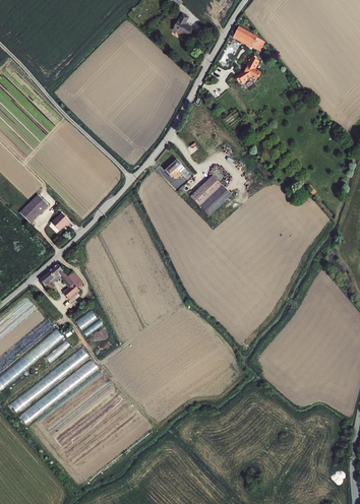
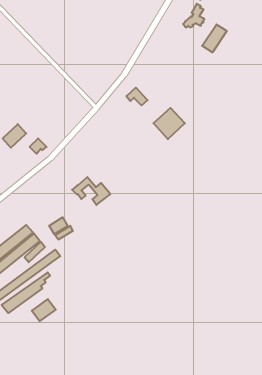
building: none -> [202,24,227,52]
building: [39,265,84,299] -> [72,177,110,205]
building: none -> [32,299,56,321]

